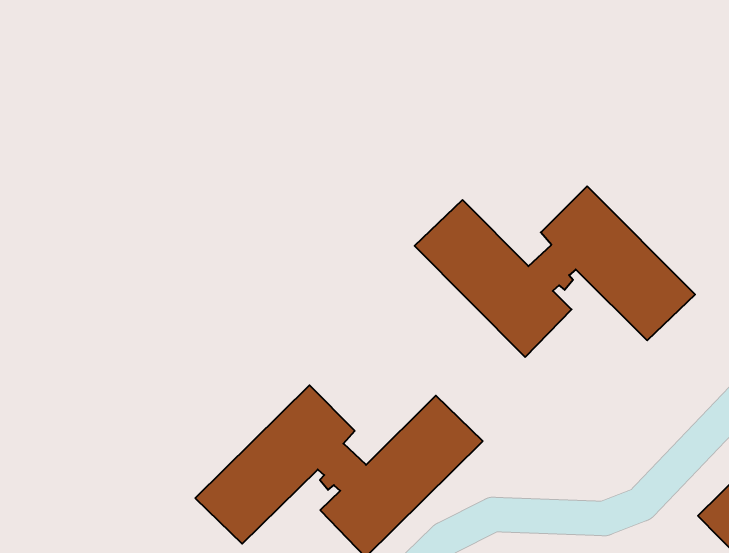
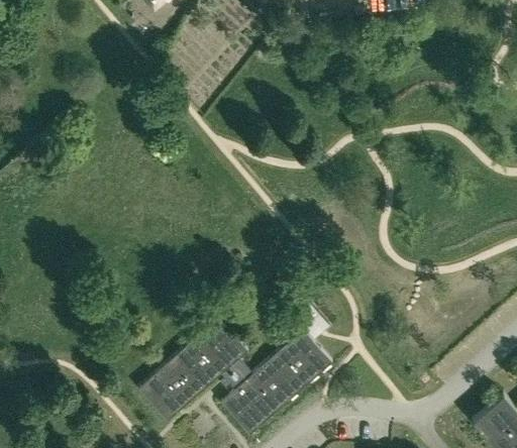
building: [415,186,695,357] -> none

